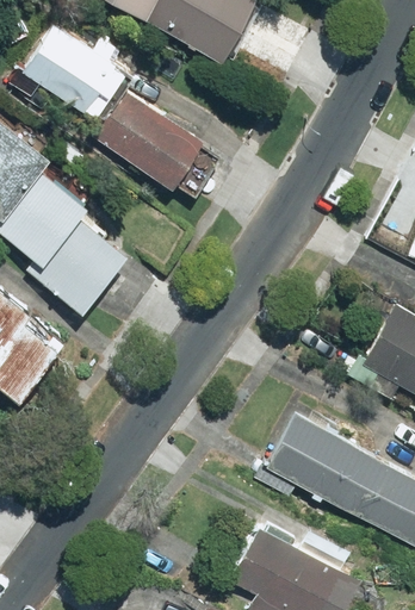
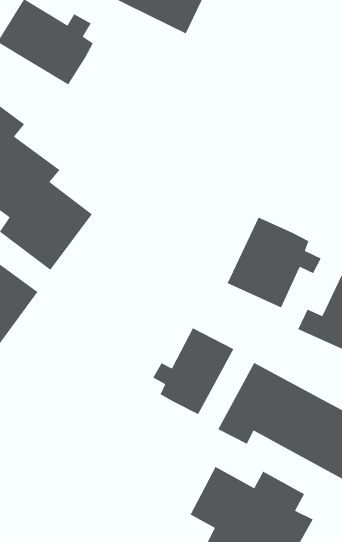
building: [87,86,205,187] -> none
building: none -> [227,217,322,308]
building: none -> [152,327,234,415]

